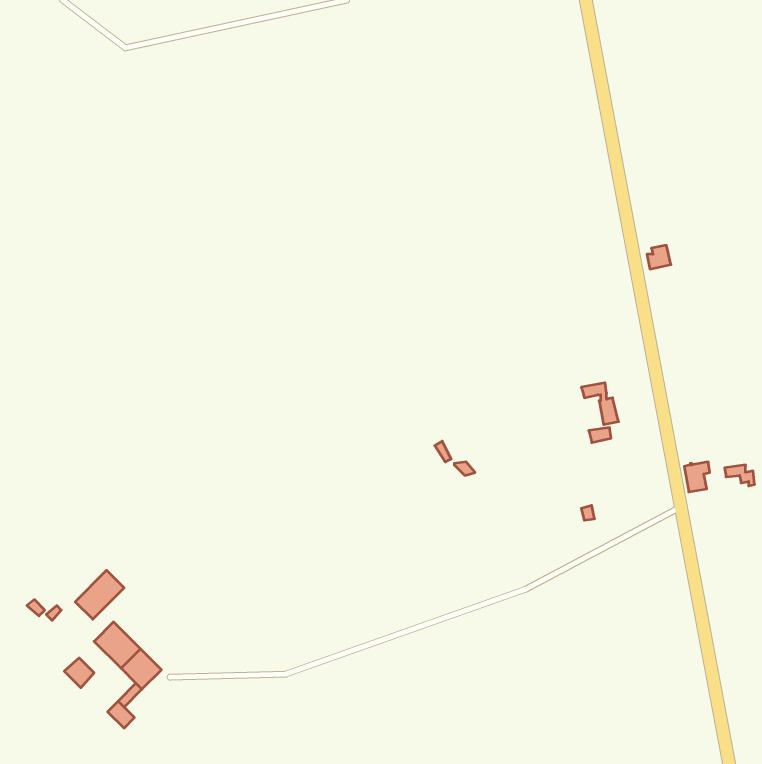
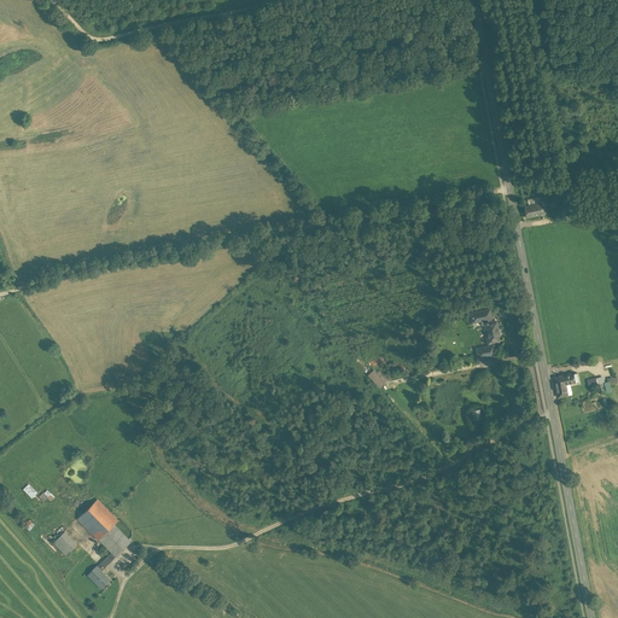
building: [75,570,124,619] -> none

